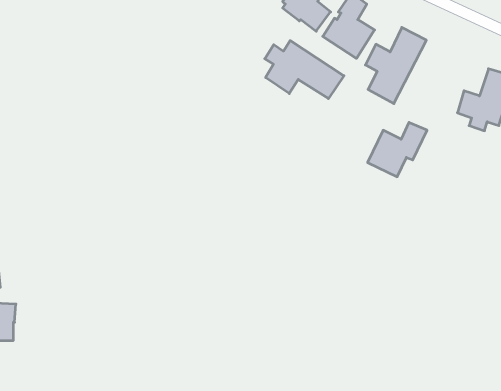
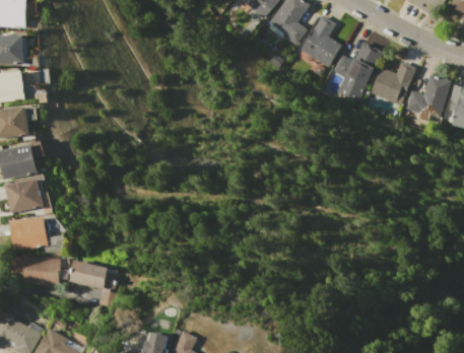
building: [265,41,344,99] -> none
building: [368,122,427,177] -> [370,61,416,103]
building: none -> [70,260,117,305]

